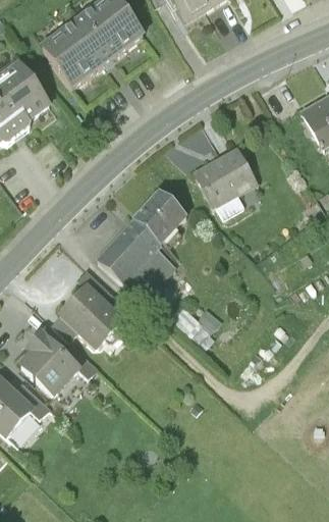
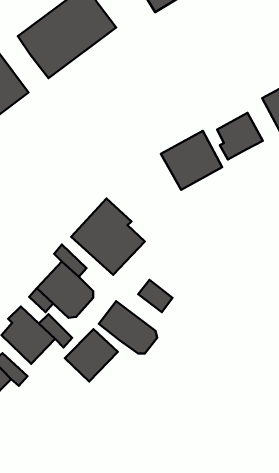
building: none -> [217,113,263,159]
building: [133,189,186,242] -> none
building: none -> [99,301,157,354]
building: none -> [65,329,118,382]

